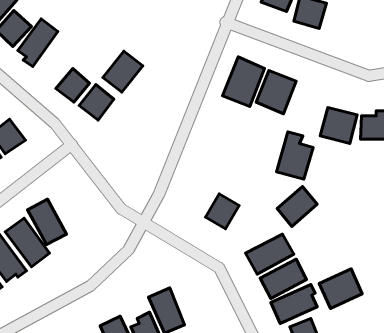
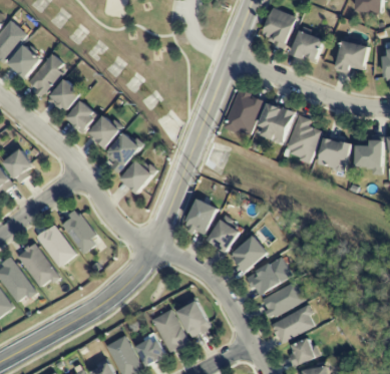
building: none -> [336,41,368,74]
building: none -> [47,79,82,114]
building: [103,51,143,92] -> [103,132,141,171]
building: none -> [120,159,153,195]
building: [276,132,313,179] -> [286,115,321,160]
building: none -> [185,199,218,237]
building: none -> [62,212,96,255]
building: [277,186,317,226] -> [230,236,268,274]
building: [319,269,362,308] -> none
building: none -> [177,301,211,339]

